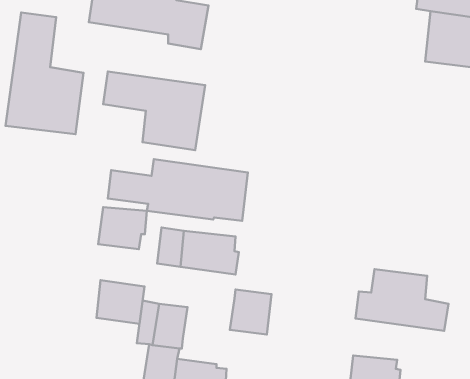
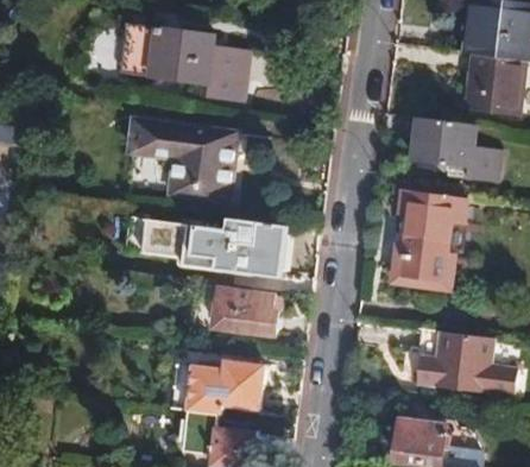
building: [6,13,83,134] -> none
building: none -> [416,118,500,183]
building: none -> [389,189,471,284]
building: [98,207,147,249] -> none
building: [97,280,144,324] -> none
building: [230,290,271,334] -> [219,359,263,406]

